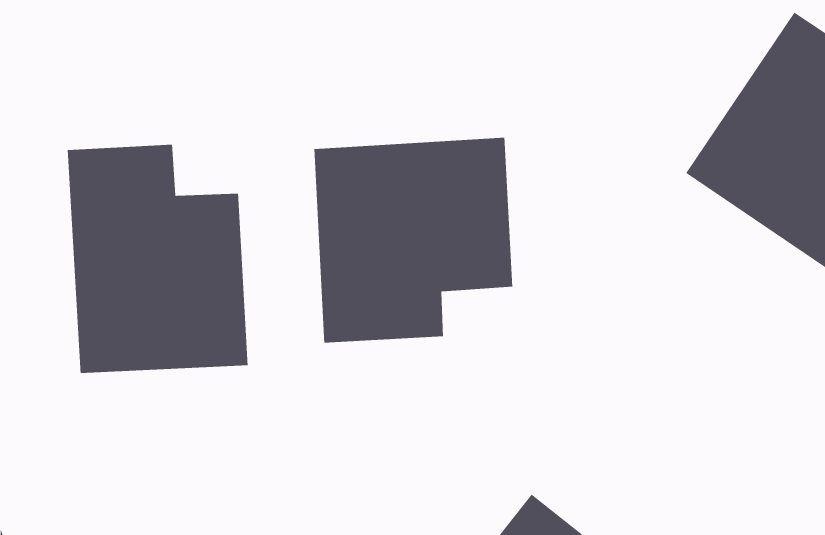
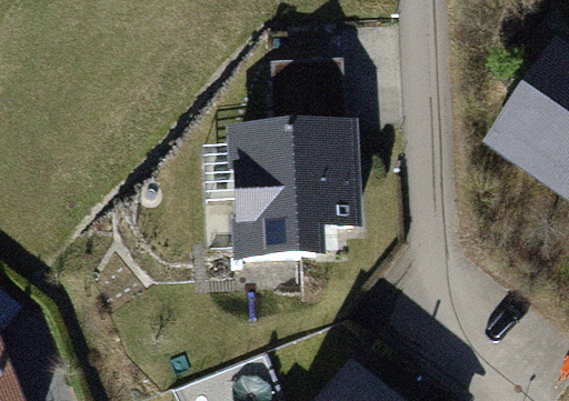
building: [67,144,248,374] -> none

